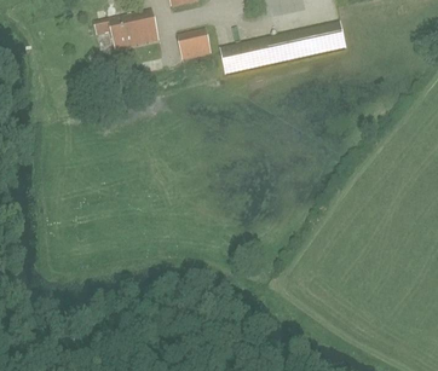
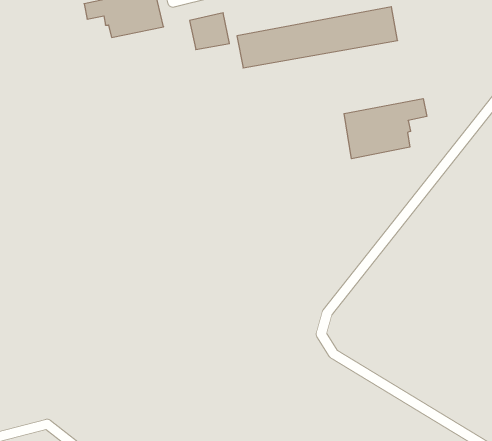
building: none -> [344,99,427,159]

